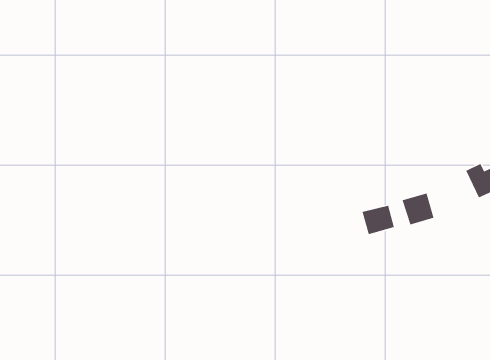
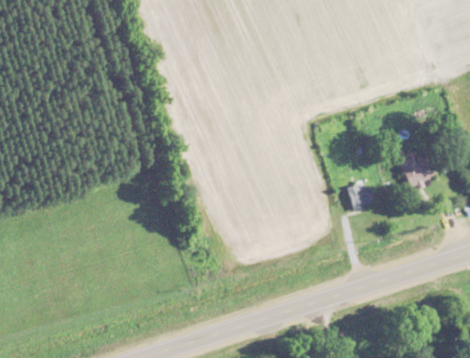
building: [361,205,395,235] -> none

